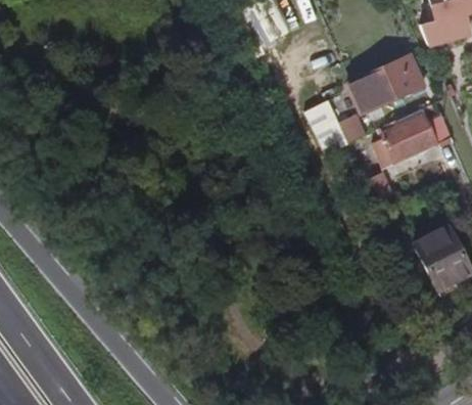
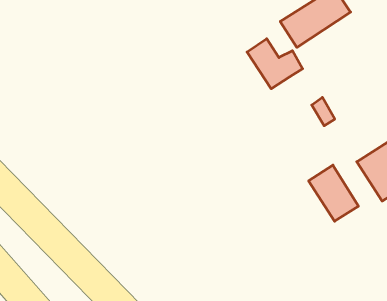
building: [381,108,451,165] -> none
building: none -> [309,165,358,221]

